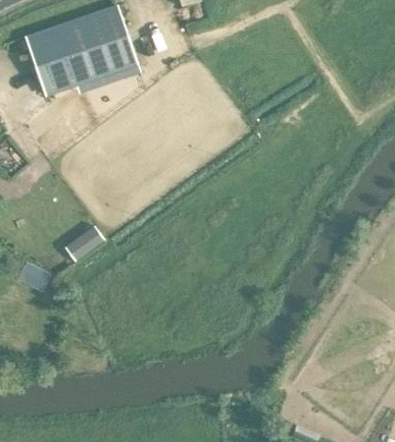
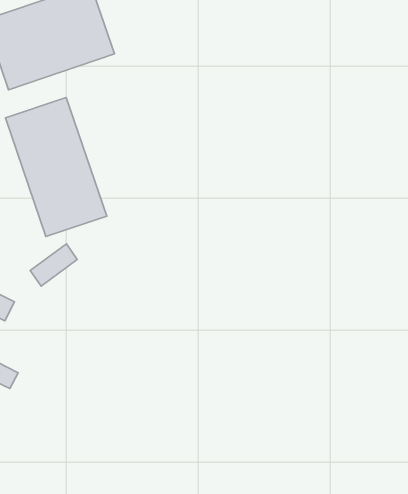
building: none -> [5,98,107,237]

